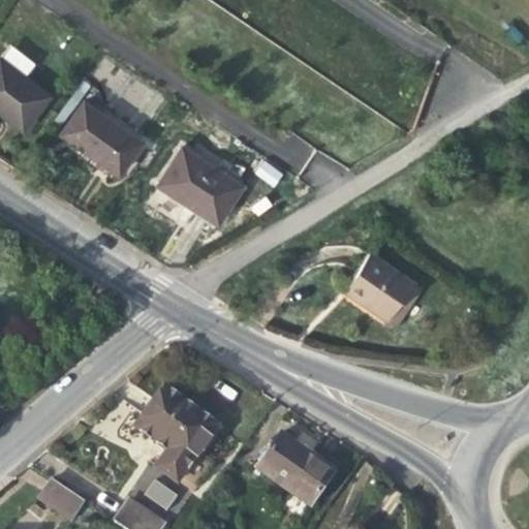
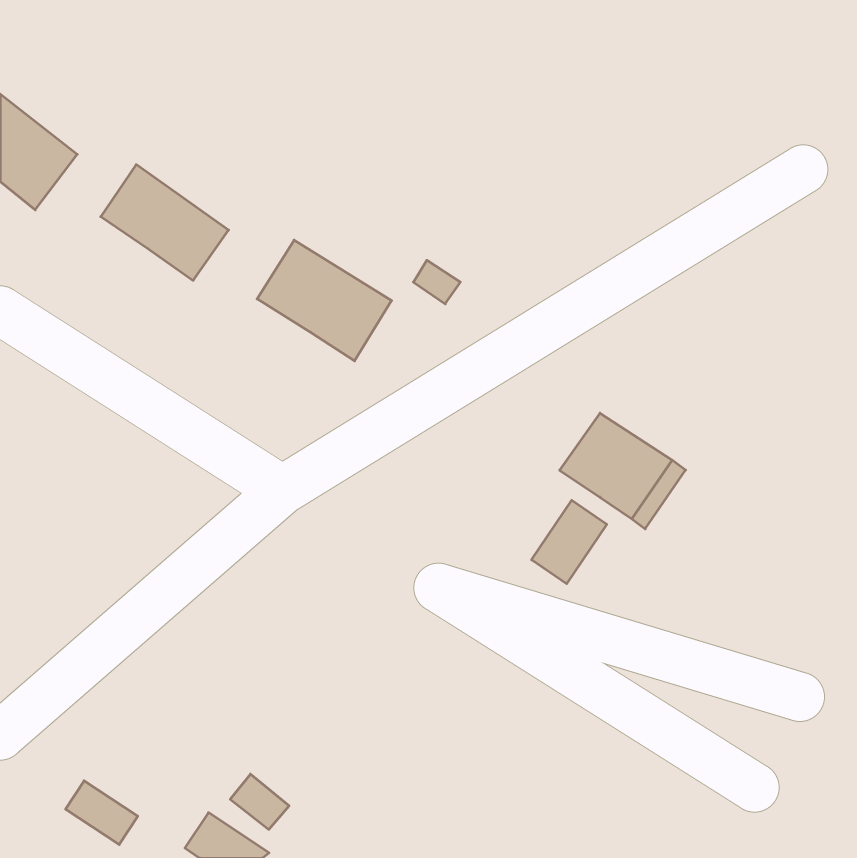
building: none -> [532,500,607,584]
building: [135,388,217,483] -> none
building: [258,436,334,505] -> none

